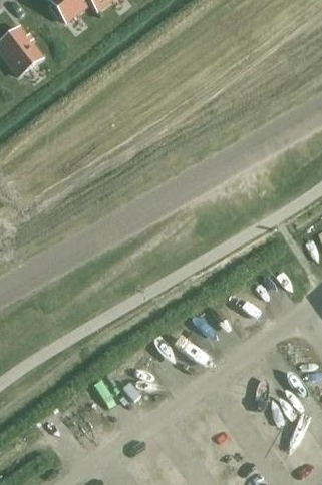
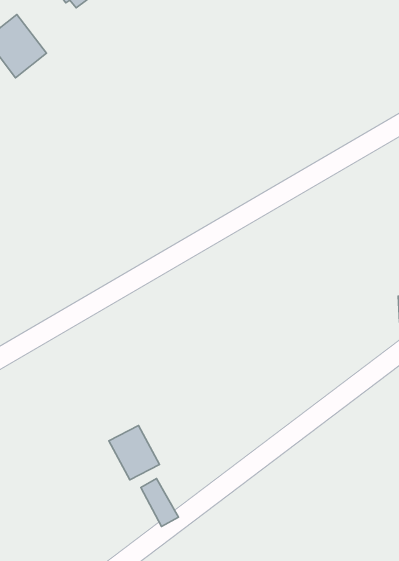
building: none -> [109,425,160,480]

